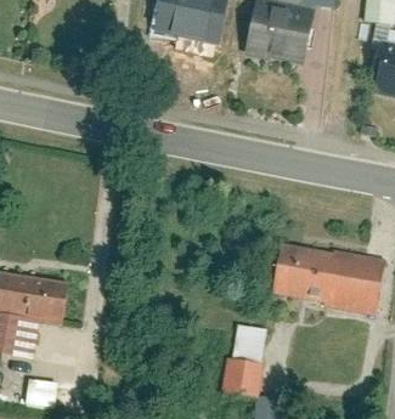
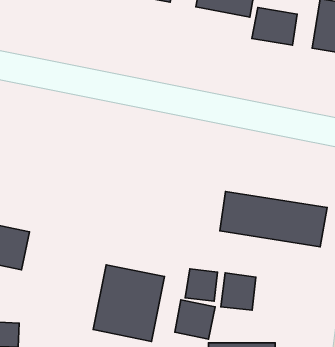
building: none -> [252,8,297,45]
building: none -> [93,265,164,341]
building: none -> [221,273,256,310]

